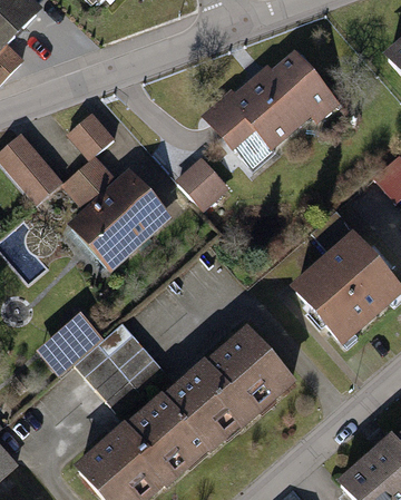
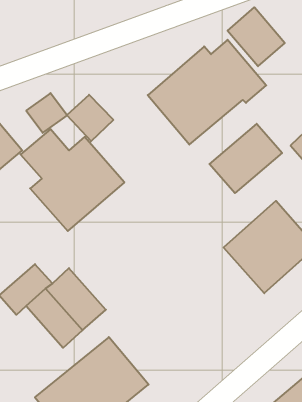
building: none -> [228,7,285,66]
building: none -> [209,124,282,193]
building: [177,158,231,212] -> [67,95,113,141]
building: [160,324,291,449] -> none

